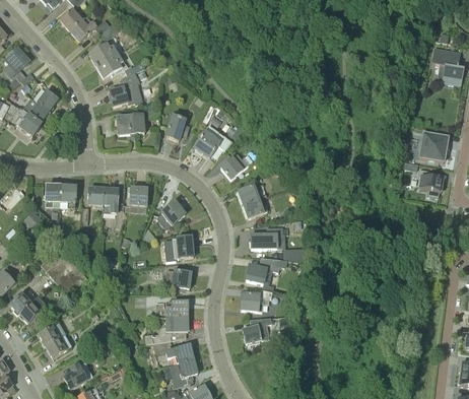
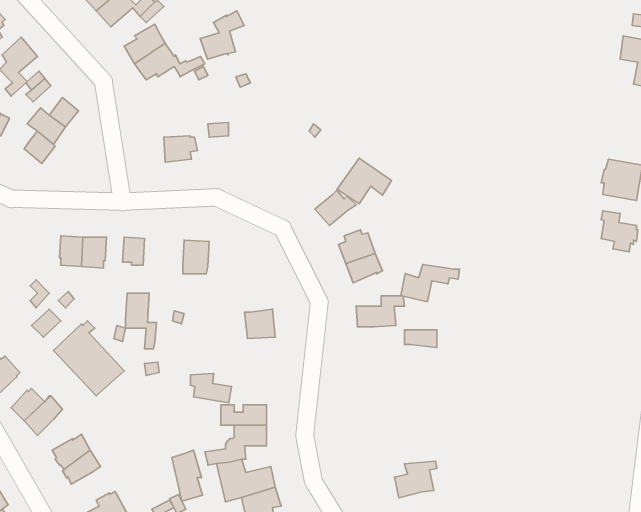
building: [109,72,139,106] -> [200,11,244,59]
building: [165,112,189,140] -> none
building: [194,126,231,157] -> [337,158,391,204]
building: [102,188,123,226] -> [126,293,156,349]
building: [156,202,184,229] -> none
building: [246,258,286,283] -> [401,265,460,301]
building: [162,264,191,284] -> [191,373,232,403]
building: [240,288,272,311] -> none
building: [242,318,271,343] -> [394,461,437,498]
building: none -> [172,450,203,501]

